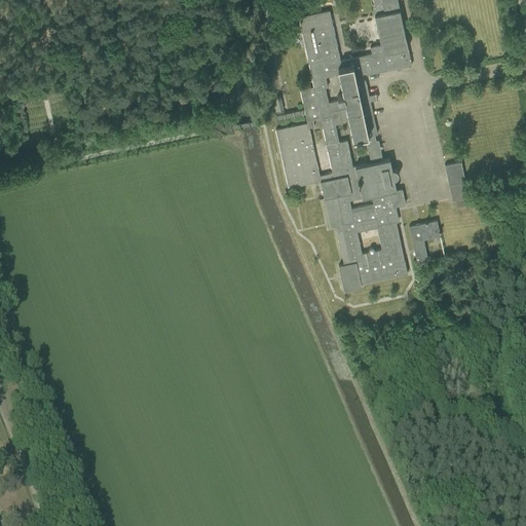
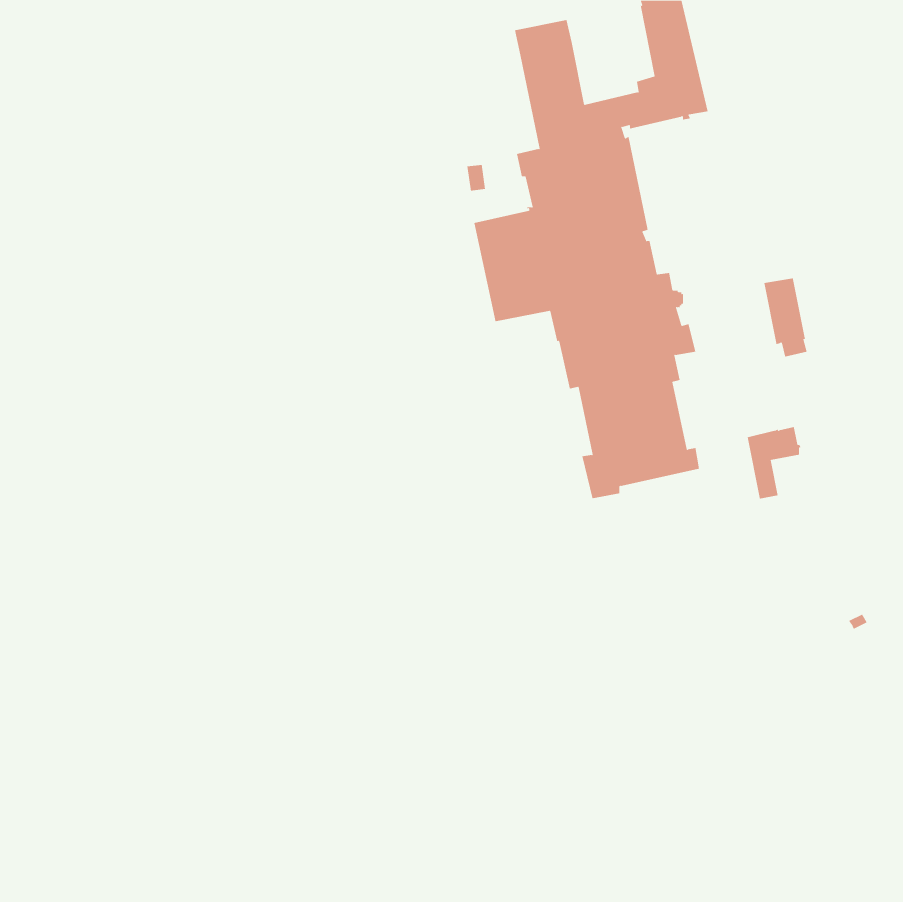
building: [409,221,441,263] -> [747,427,802,499]

